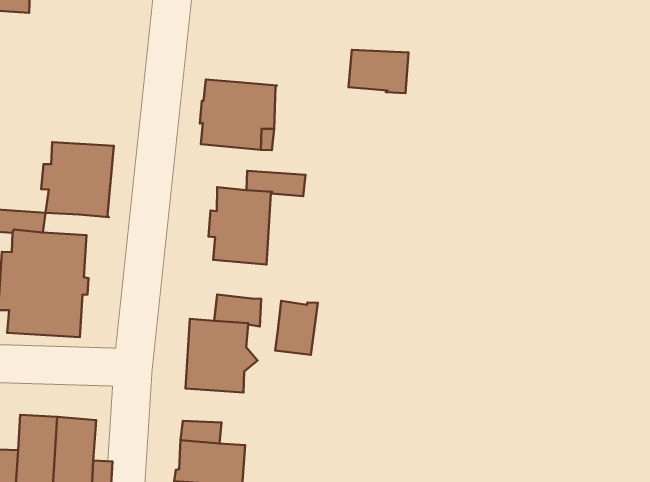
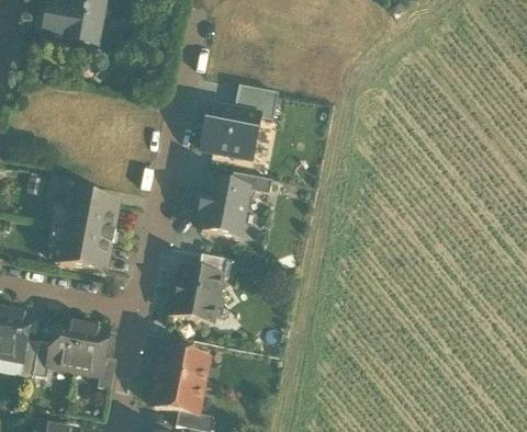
building: [348,50,408,93] -> [234,84,278,118]
building: [41,142,114,217] -> none
building: [275,301,318,355] -> none

